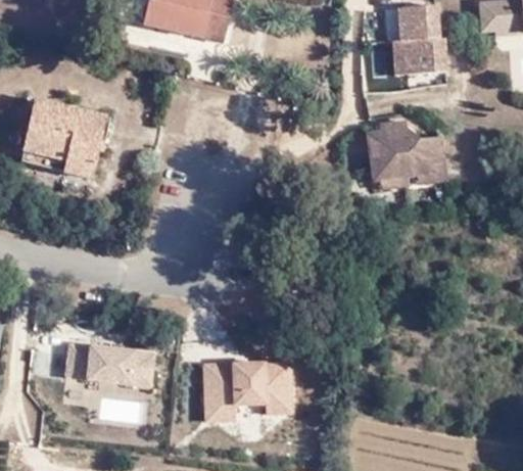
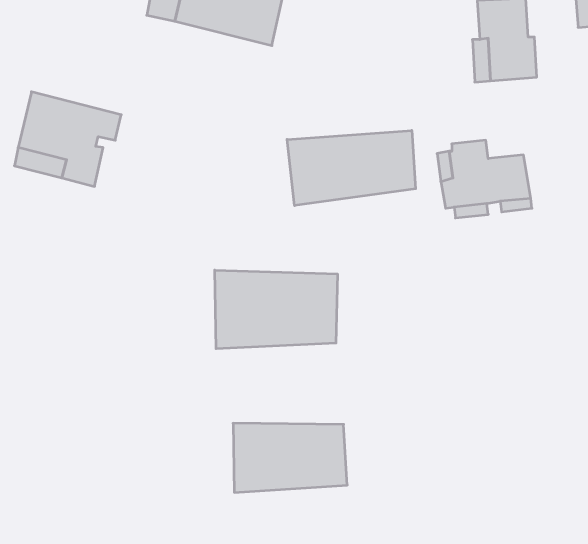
building: none -> [287,130,416,206]
building: none -> [215,270,337,349]
building: [56,341,155,386] -> none

